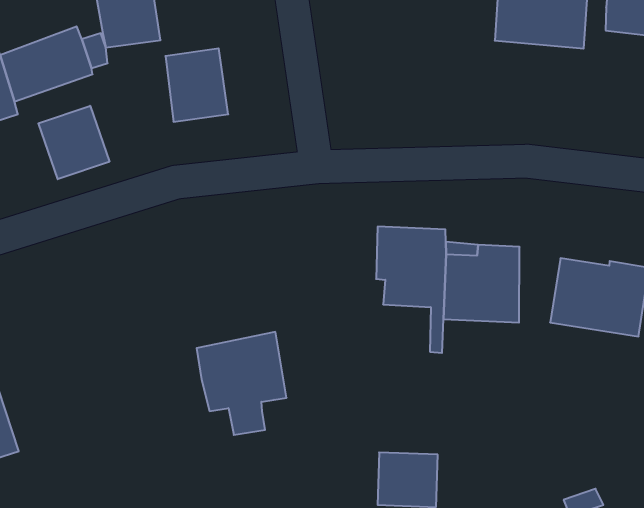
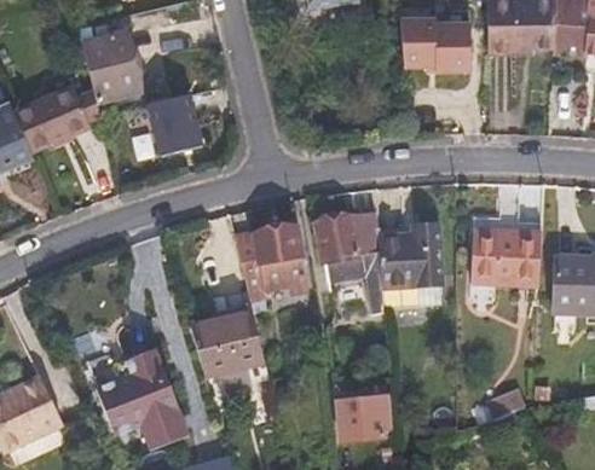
building: [38,106,109,179] -> none
building: none -> [235,222,308,301]
building: none -> [98,347,191,451]

